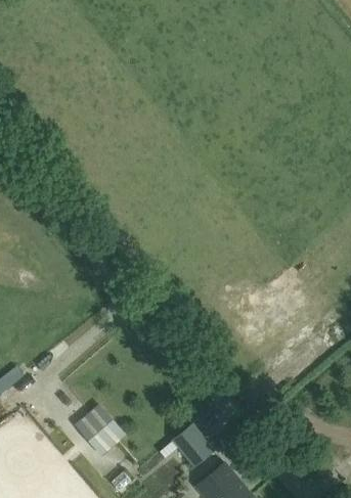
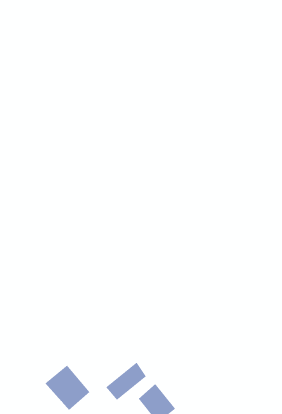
building: none -> [105,362,147,401]

